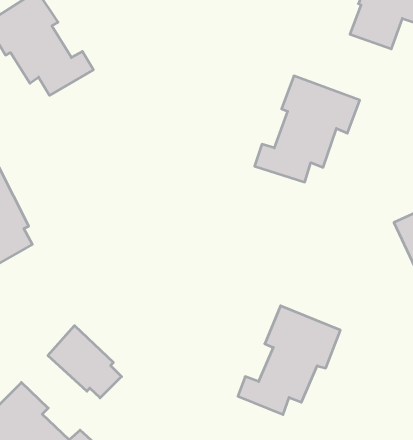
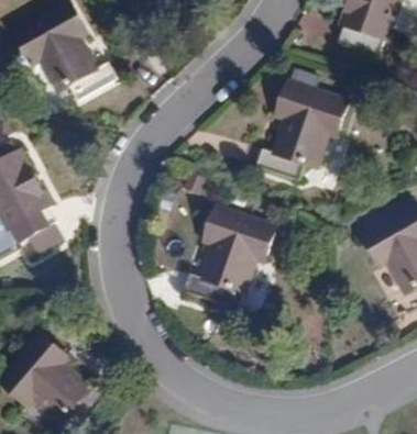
building: [238,306,340,415] -> [176,216,268,314]
building: [48,326,122,398] -> none

